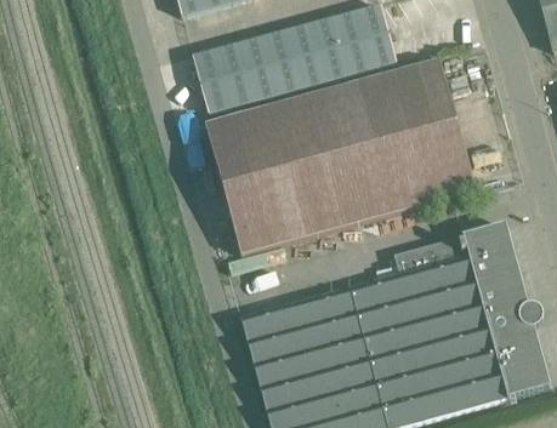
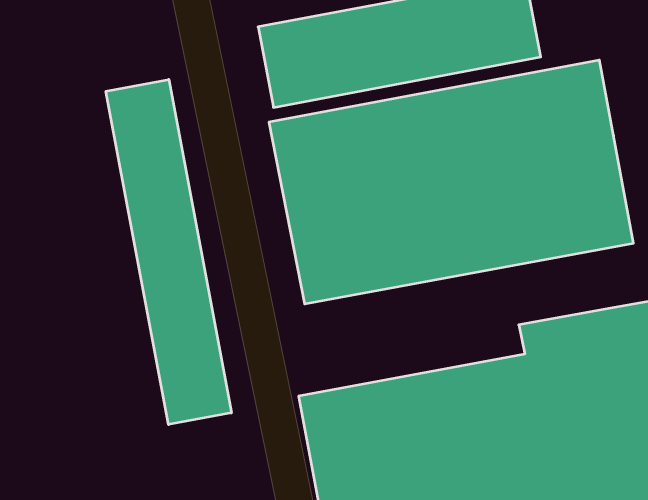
building: none -> [106,79,231,425]

